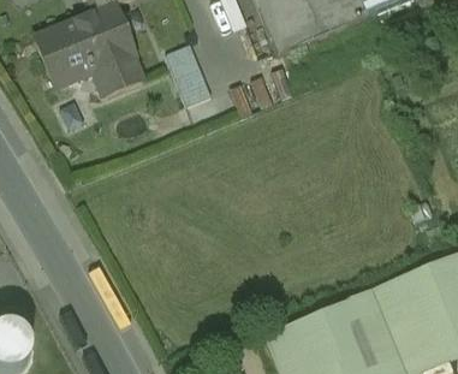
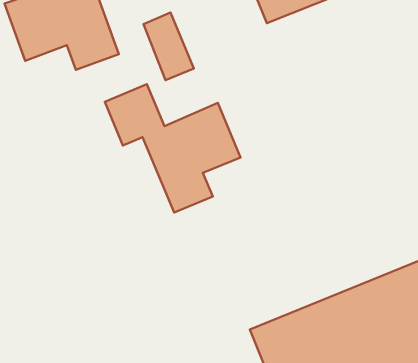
building: none -> [105,84,241,213]

